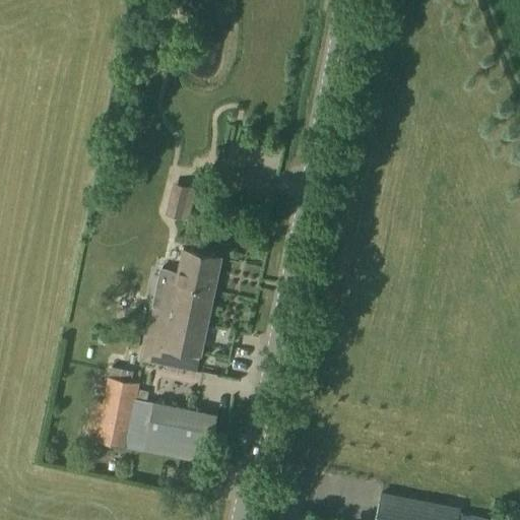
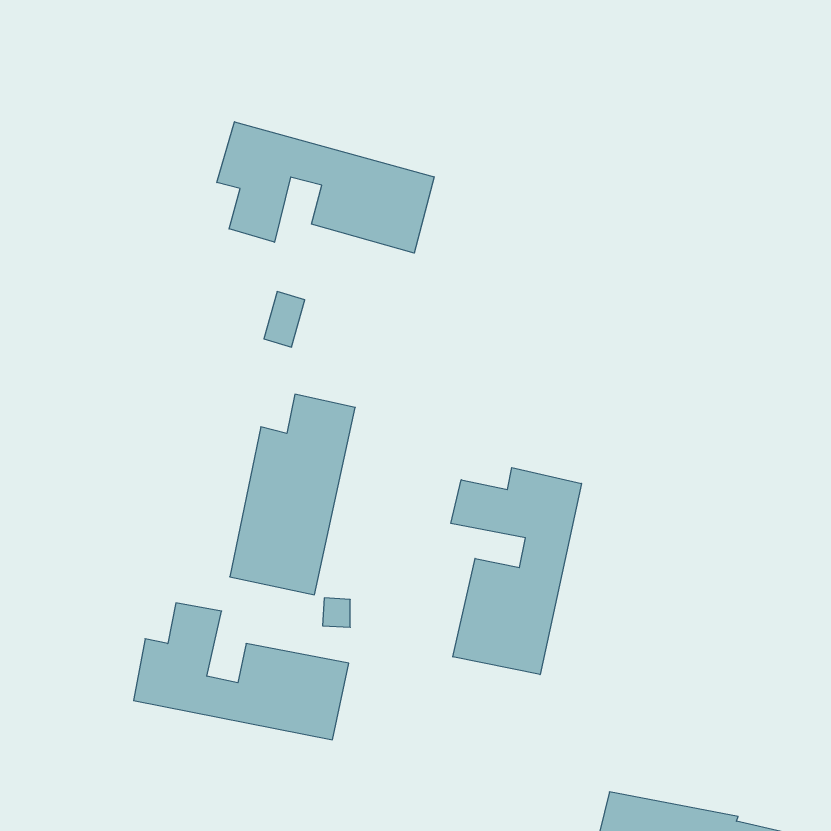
building: none -> [217,122,434,253]
building: none -> [451,468,581,675]

